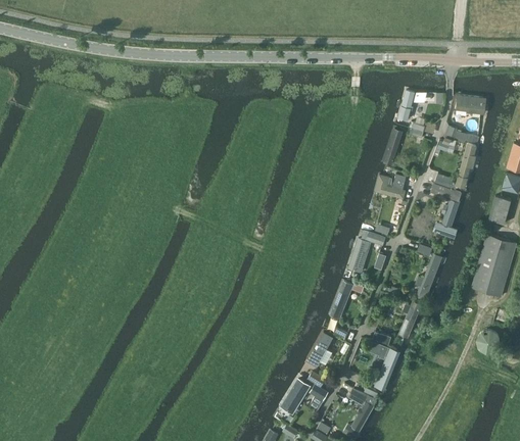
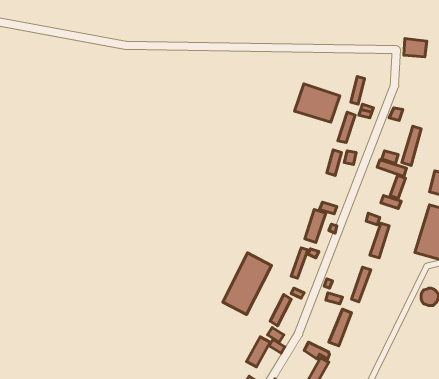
building: [457,96,482,116] -> [404,39,427,57]
building: none -> [294,84,340,122]
building: none -> [223,253,272,315]

